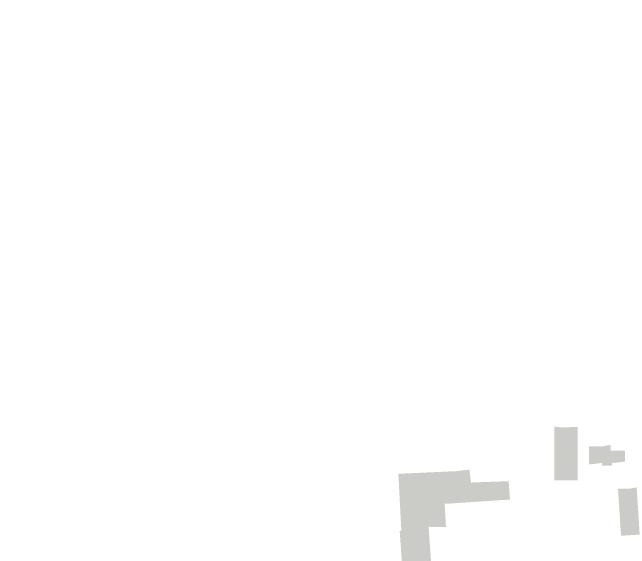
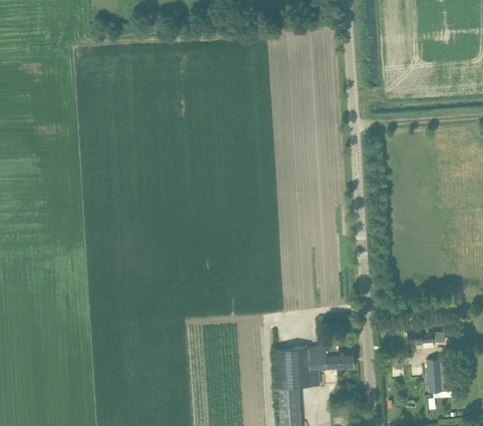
building: [554,426,578,481] -> none

